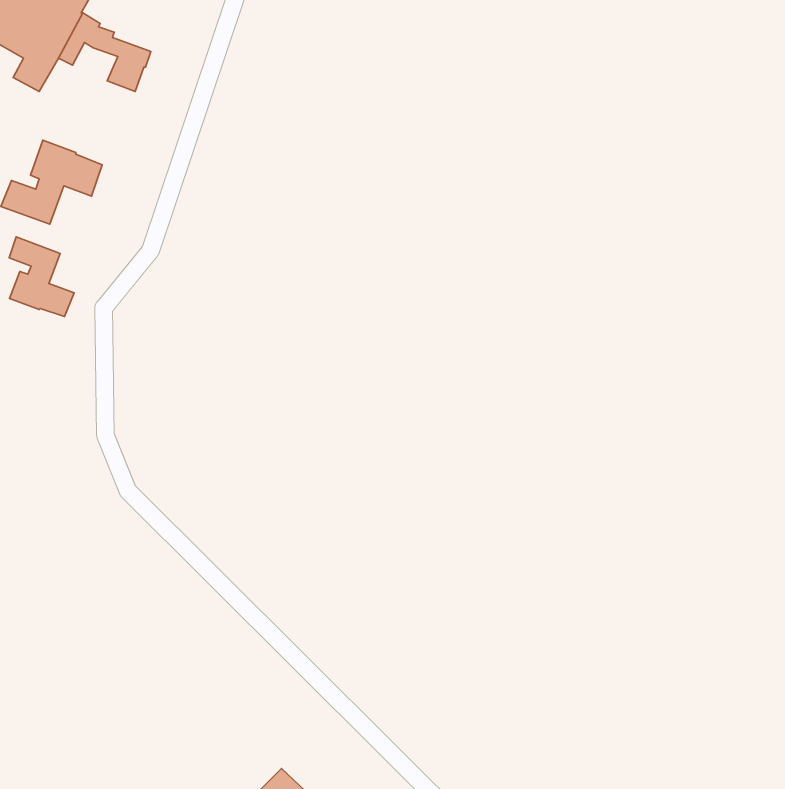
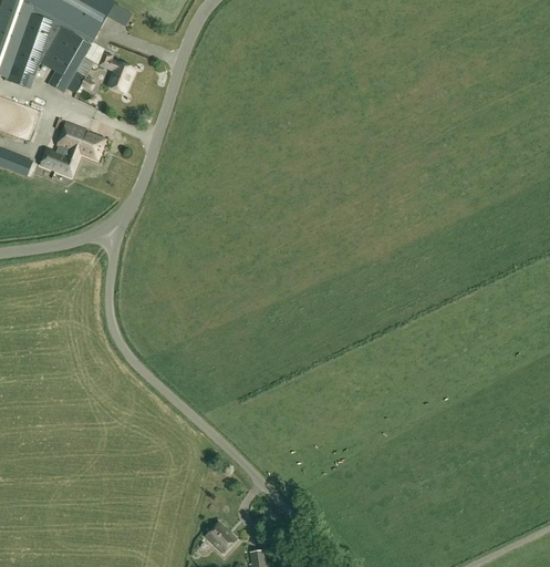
building: [9,237,74,317] -> none

